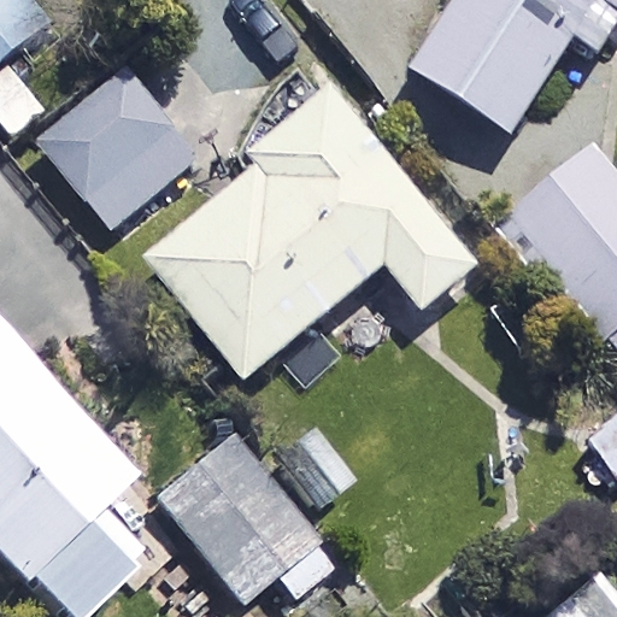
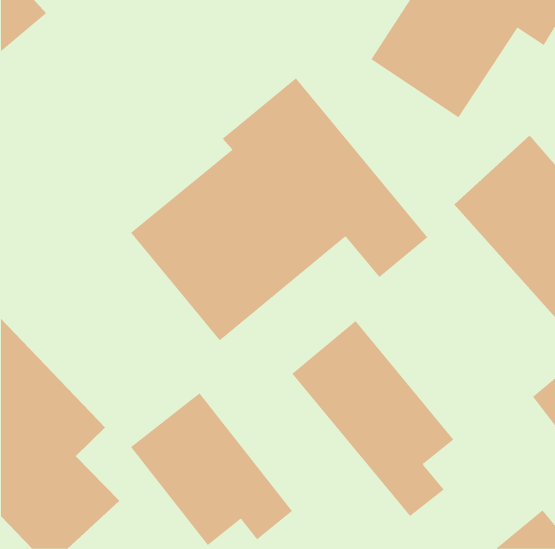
building: [39,67,199,228] -> none
building: none -> [292,320,454,517]

